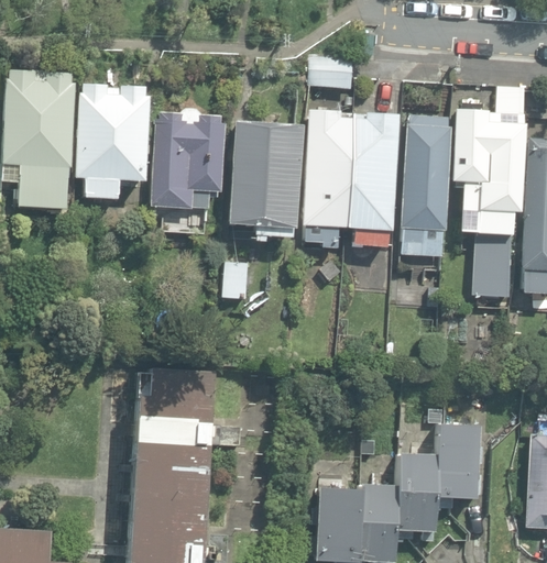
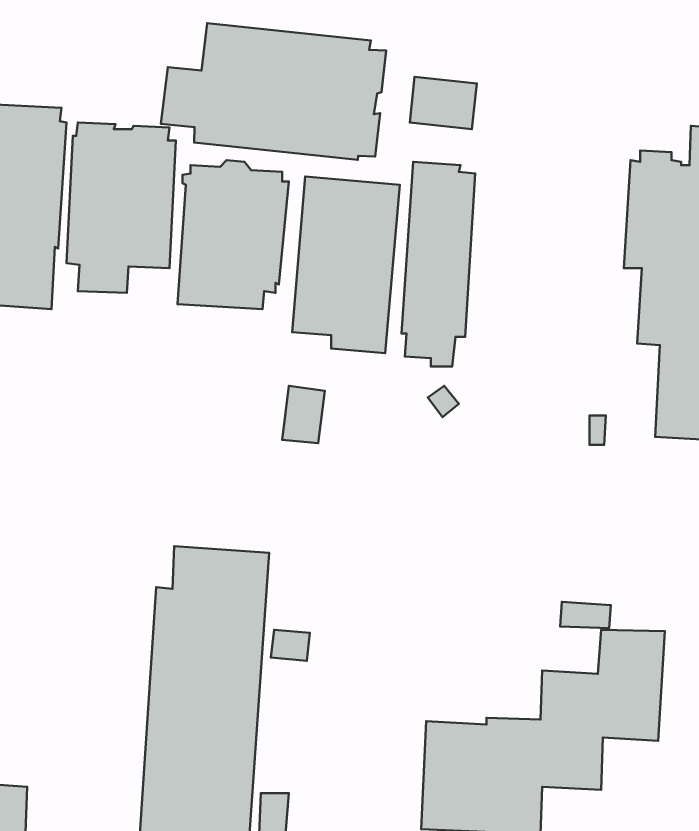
building: none -> [161,23,386,160]
building: [348,112,398,245] -> none
building: [402,114,451,256] -> none

